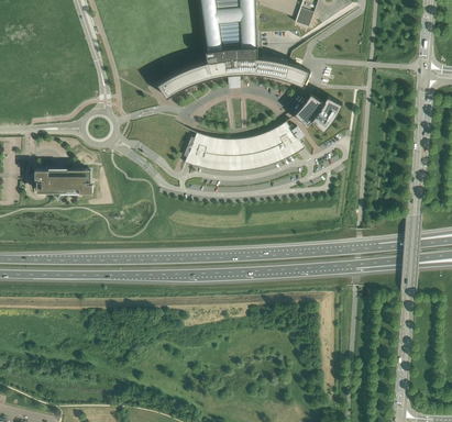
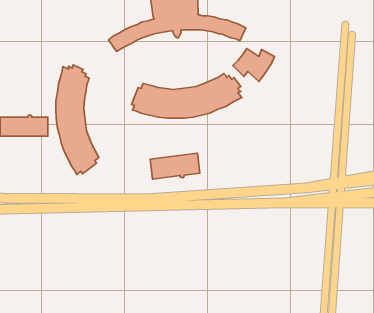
building: none -> [56,65,99,174]
building: none -> [150,153,200,179]

